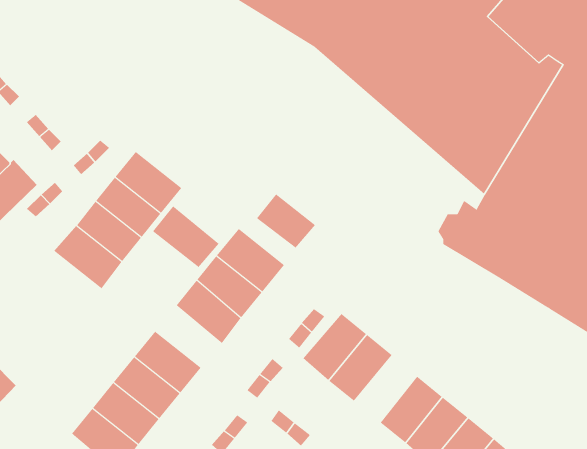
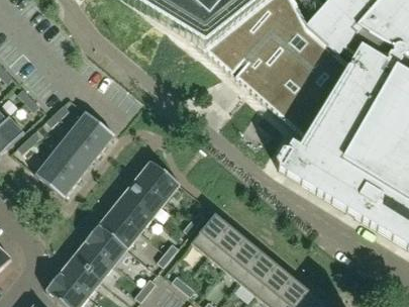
building: [256,194,316,248] -> none
building: [152,205,220,268] -> [98,207,140,246]
building: none -> [223,238,263,281]

